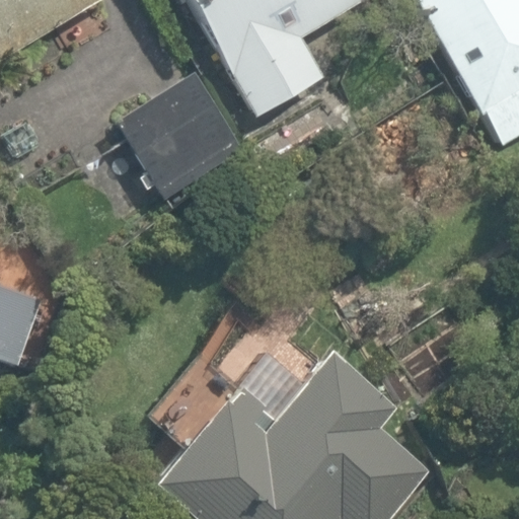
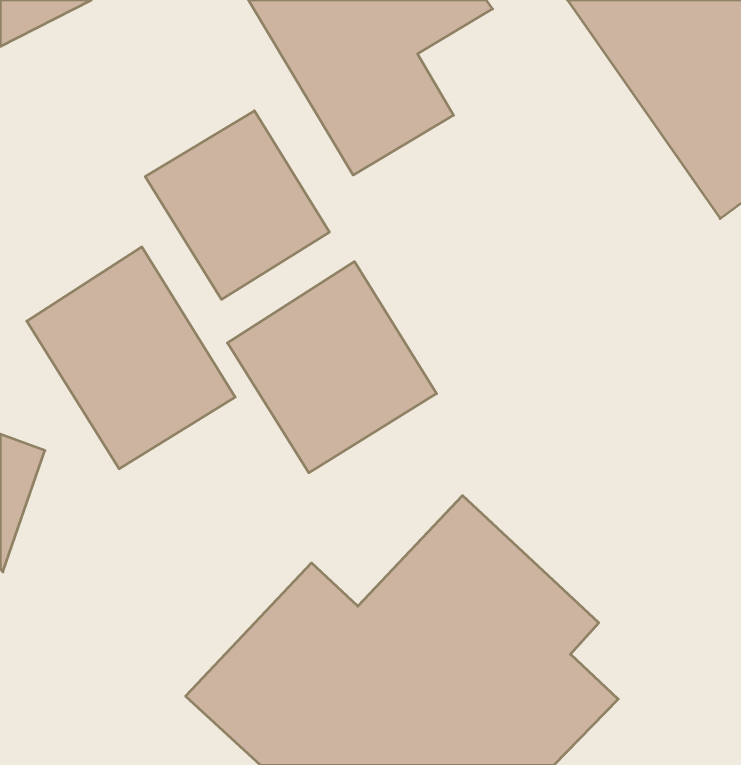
building: none -> [27,247,235,469]
building: none -> [227,262,437,473]

